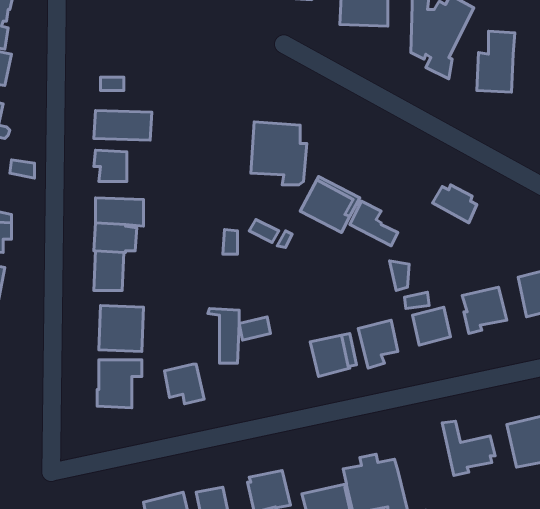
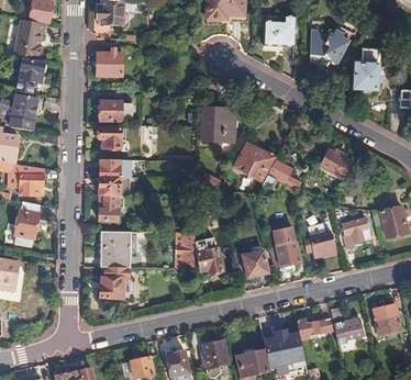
building: none -> [96,45,122,75]
building: [165,364,204,404] -> [197,248,223,275]
building: none -> [296,315,332,339]

